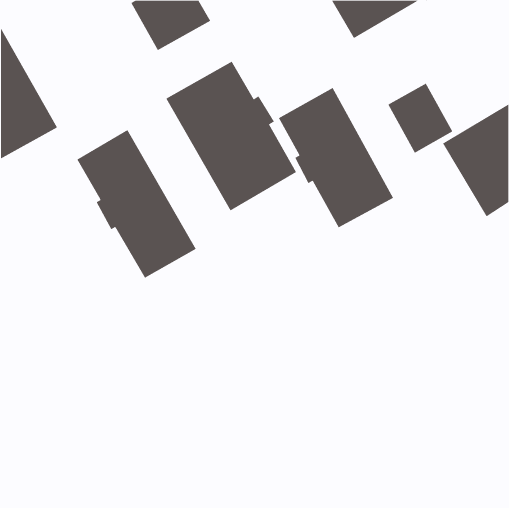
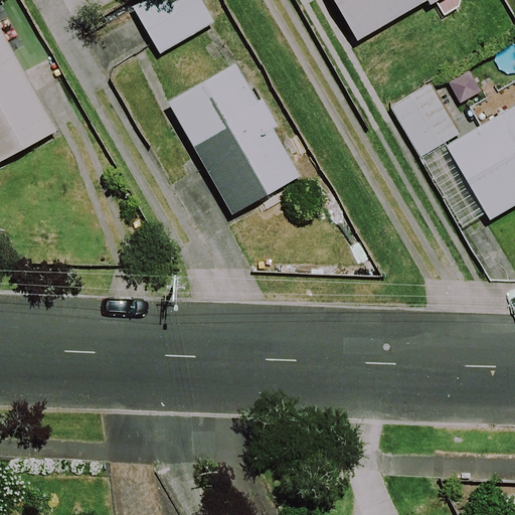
building: [278,87,394,228] -> none
building: [77,129,197,278] -> none

